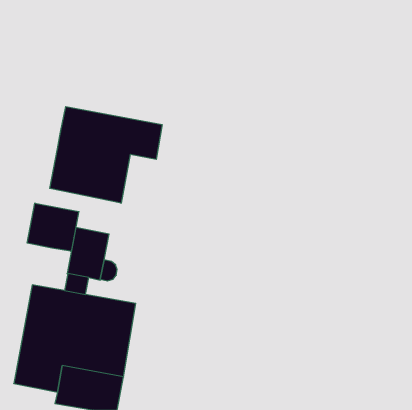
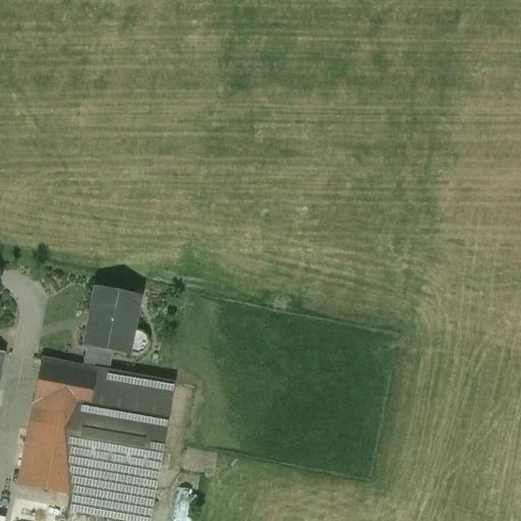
building: [50,107,162,203] -> none
building: [27,203,79,252] -> none

